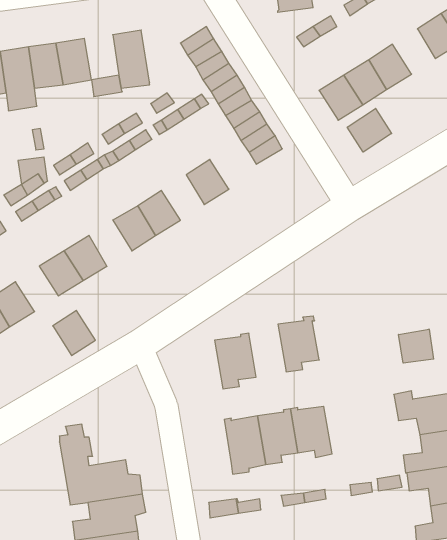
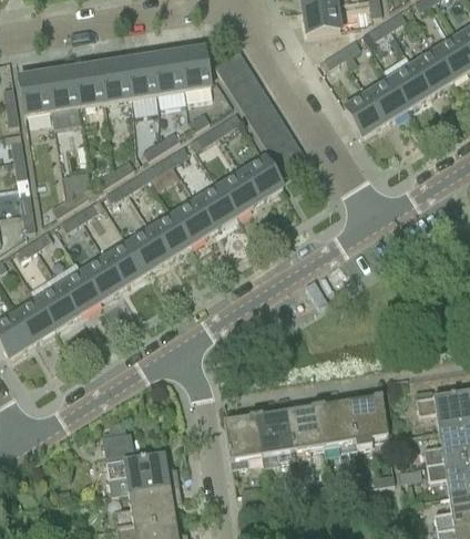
building: none -> [177,46,211,100]
building: none -> [412,50,452,92]
building: none -> [124,55,156,97]
building: [347,108,392,152] -> none
building: none -> [242,157,283,199]
building: none -> [196,186,236,228]
building: none -> [129,228,168,271]
building: [53,310,95,356] -> [60,271,100,313]
building: [278,316,319,372] -> [348,394,387,446]
building: [399,329,434,363] -> none
building: [215,333,256,389] -> [223,414,262,466]

